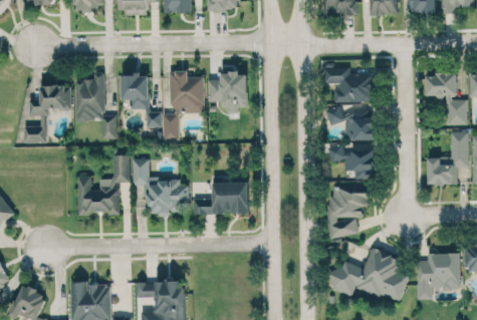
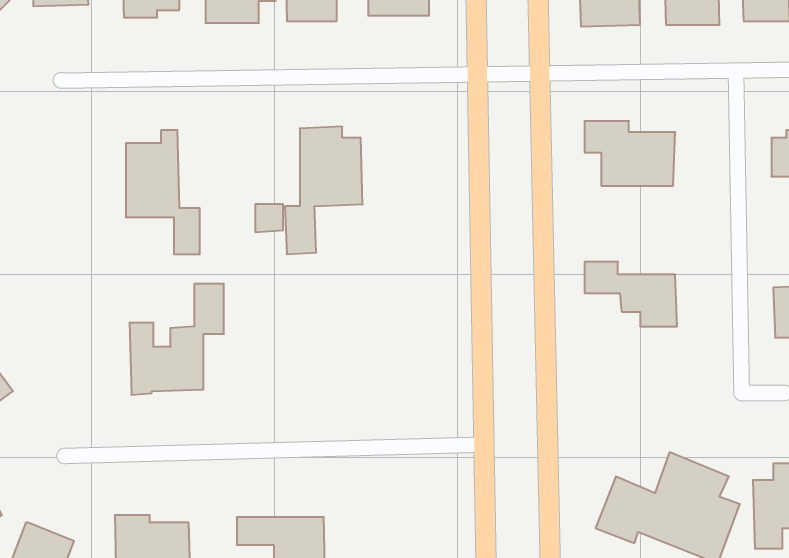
building: [208,73,247,110] -> none
building: [120,75,149,108] -> none
building: [24,85,70,143] -> none
building: [326,105,374,140] -> none
building: [132,158,188,214] -> none
building: [193,183,248,215] -> none
building: [327,186,368,236] -> none

